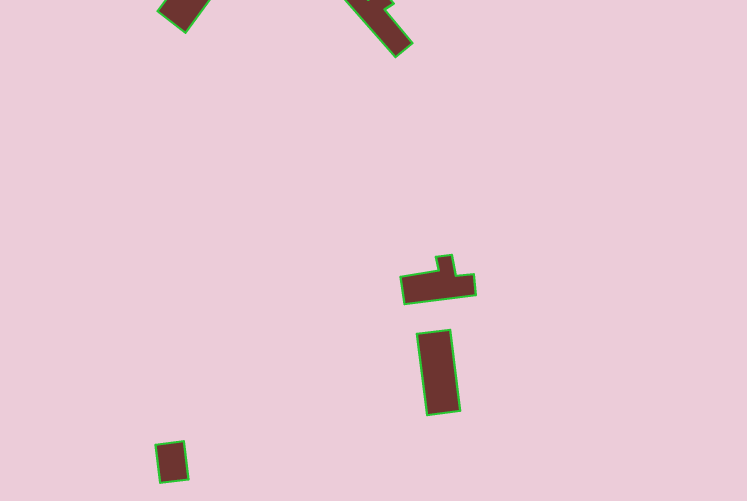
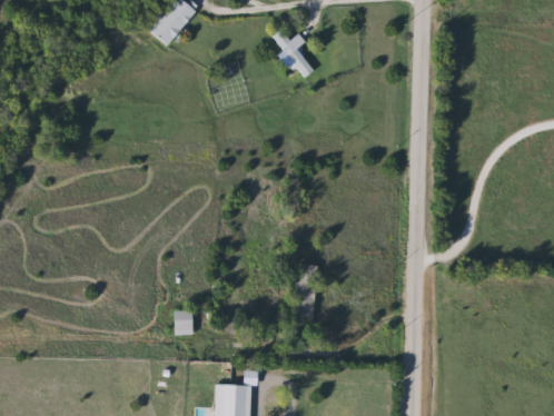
building: [400,255,476,304] -> none
building: [156,441,188,483] -> [174,309,192,335]

